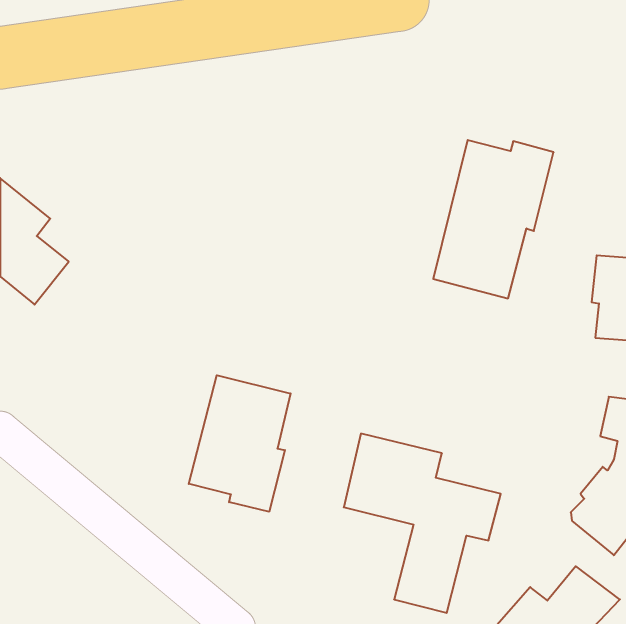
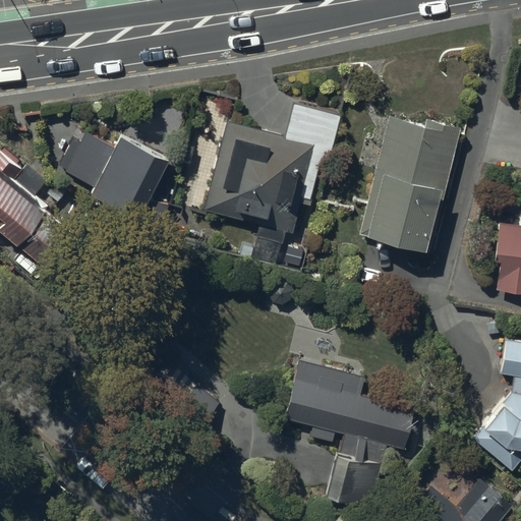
building: none -> [202,108,340,267]
building: none -> [59,132,171,221]
building: [189,375,291,512] -> none

